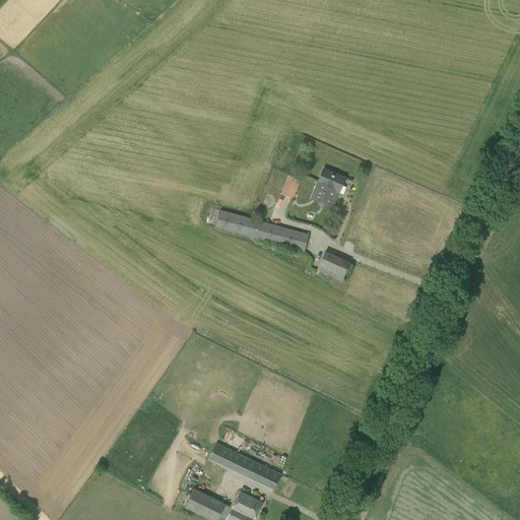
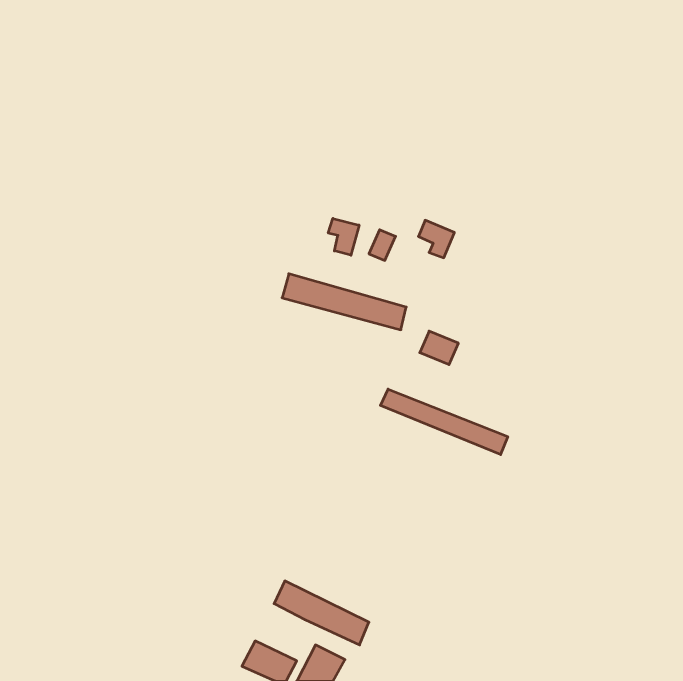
building: none -> [328,218,359,255]
building: [311,180,337,207] -> none
building: none -> [380,389,508,455]

